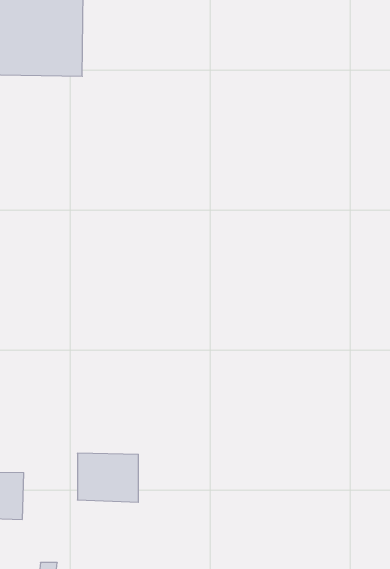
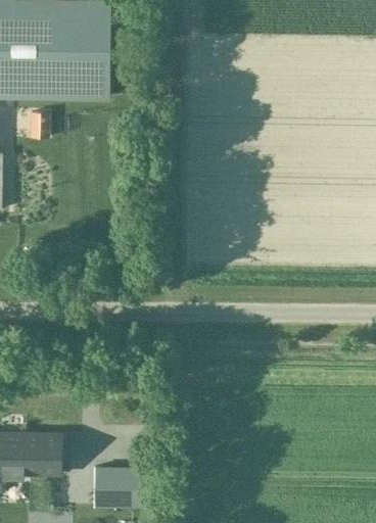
building: [77,453,138,502] -> [92,466,144,508]

